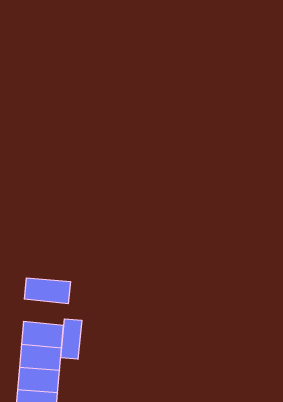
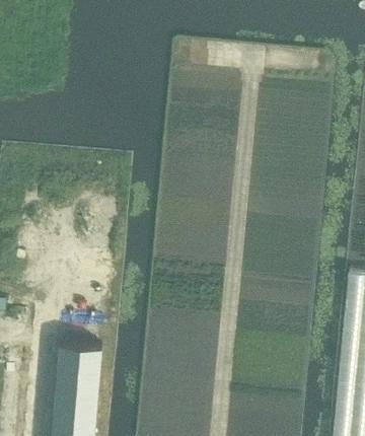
building: [24,278,70,304] -> none
building: [61,319,82,359] -> none

